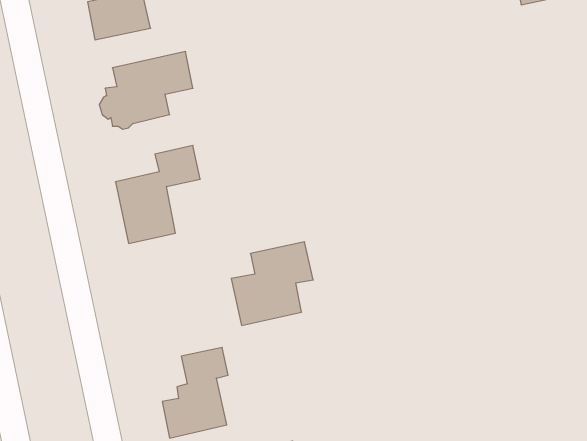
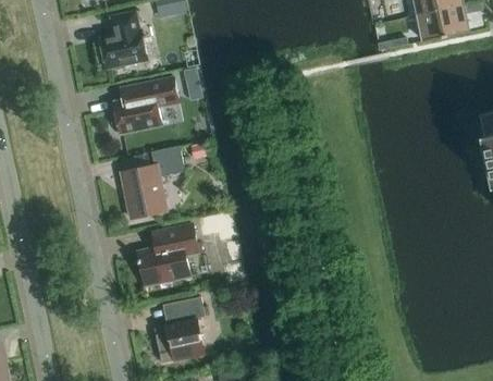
building: [231,242,313,325] -> [137,224,198,286]

